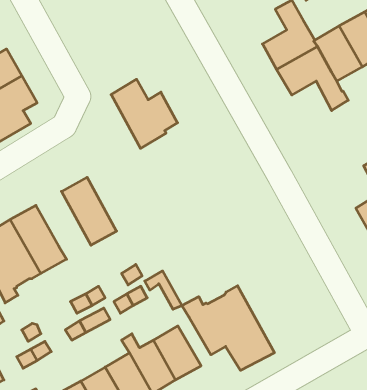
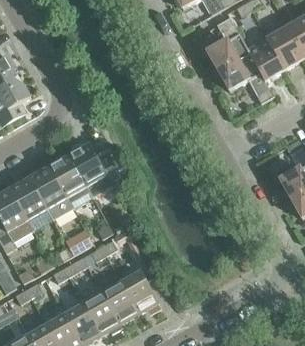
building: [111,79,178,148] -> [69,143,121,197]
building: none -> [29,166,72,219]
building: [182,286,274,370] -> none

